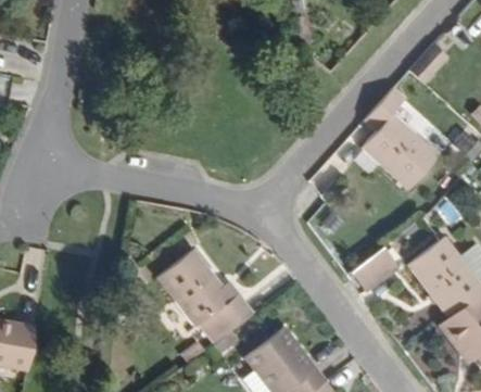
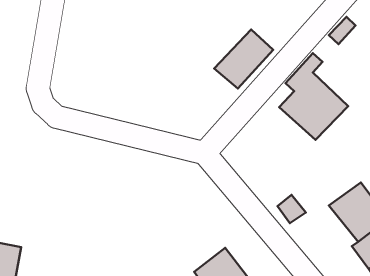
building: none -> [214,29,273,88]
building: [159,248,255,334] -> none

